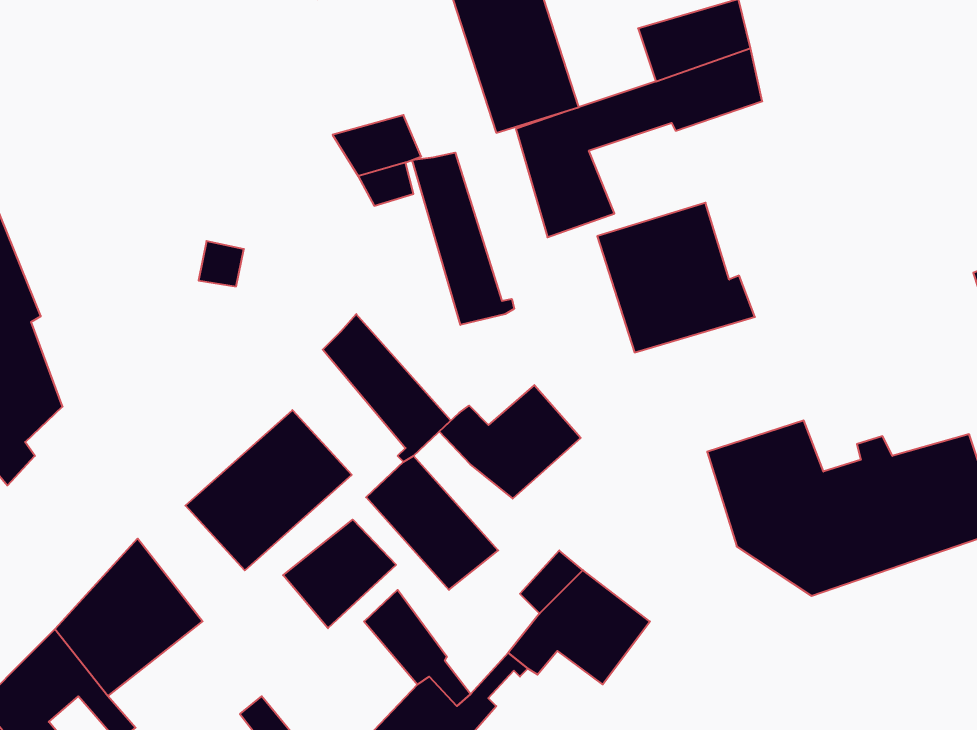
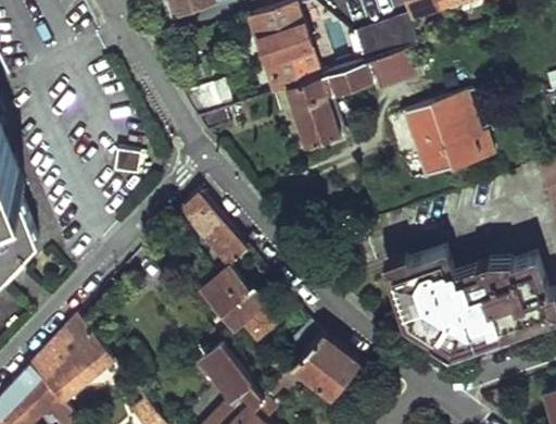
building: [412,153,514,325] -> none
building: [597,203,755,352] -> [406,92,493,175]
building: [439,385,581,499] -> none
building: [185,410,352,570] -> none
building: [283,520,396,628] -> none

